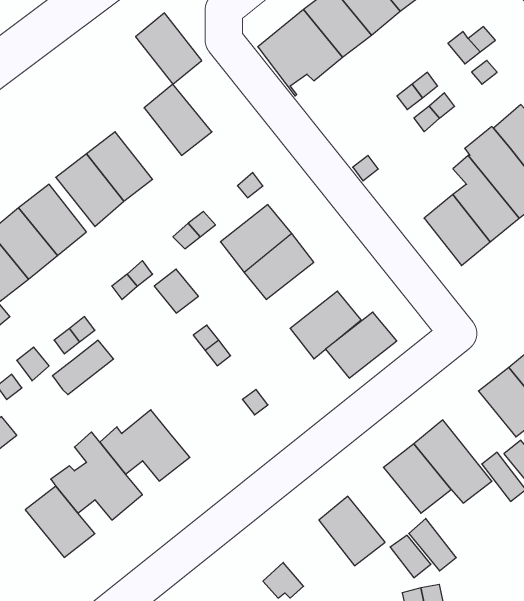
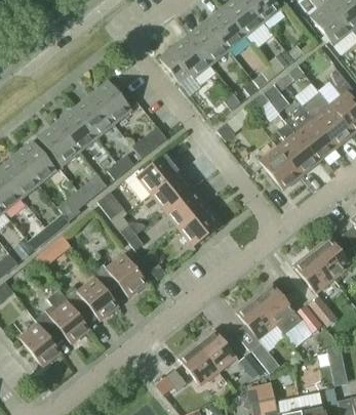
building: [136,13,202,84] -> [73,94,113,137]
building: [325,312,397,378] -> [164,188,207,227]
building: none -> [92,253,147,297]
building: none -> [177,343,217,385]

